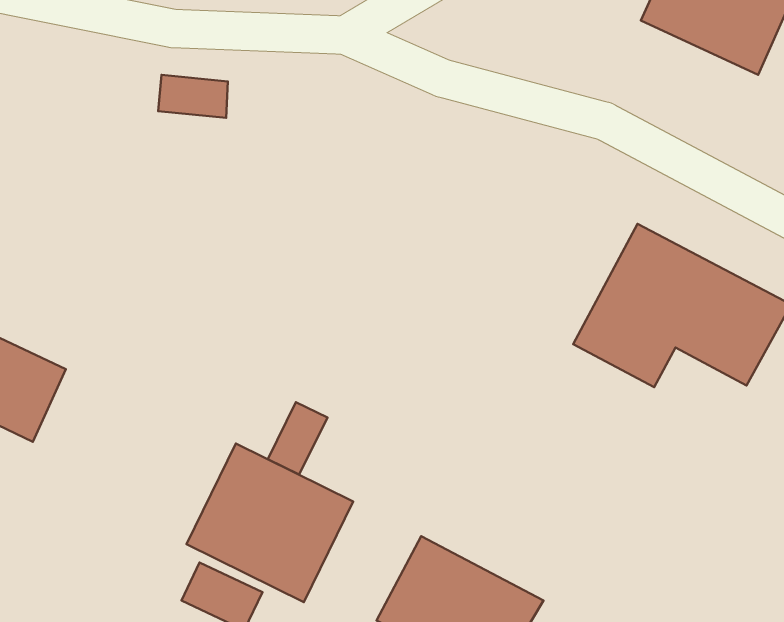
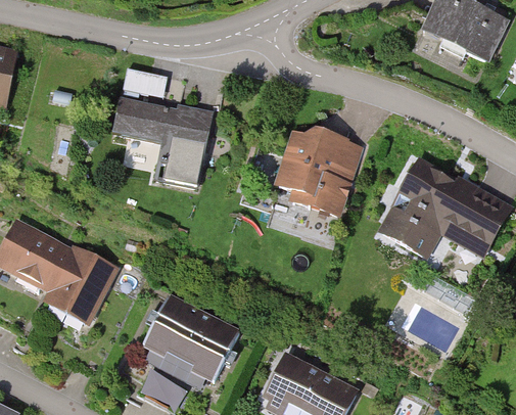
building: none -> [112,96,213,189]
building: none -> [275,126,361,218]
building: none -> [39,245,118,324]
building: [268,402,327,475] -> none

